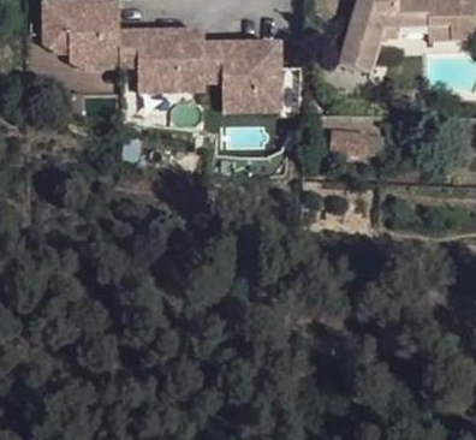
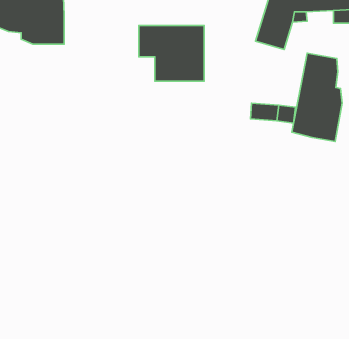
building: [120,29,206,87] -> none
building: none -> [292,53,342,142]

